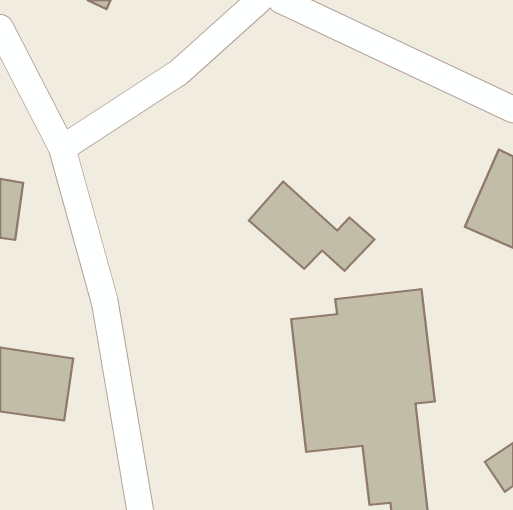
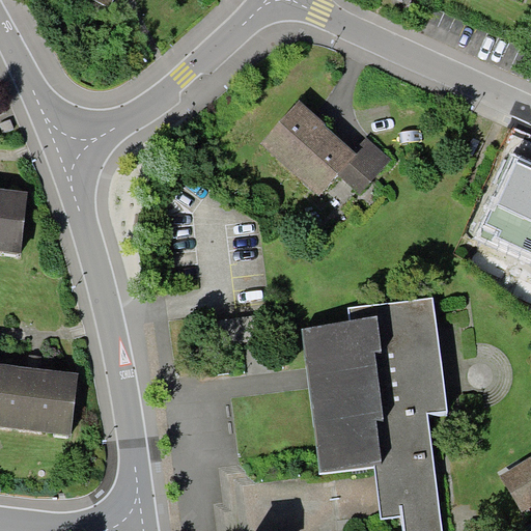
building: [249,181,374,271] -> [260,99,390,191]

